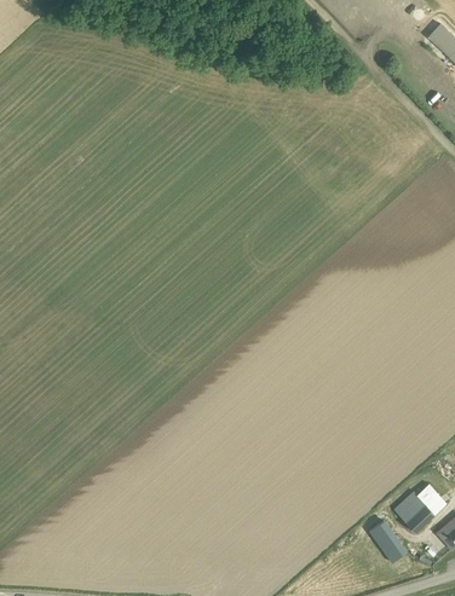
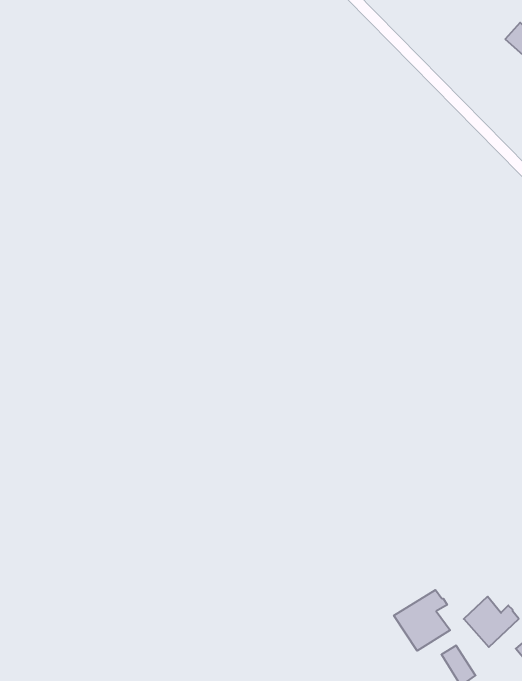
building: none -> [394,590,450,651]

